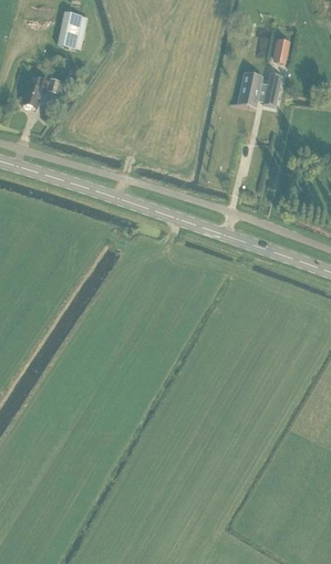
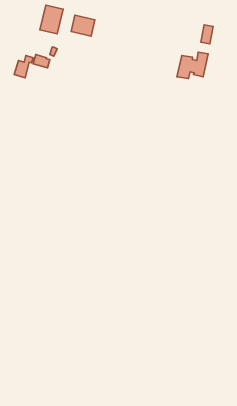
building: none -> [71,15,95,36]

